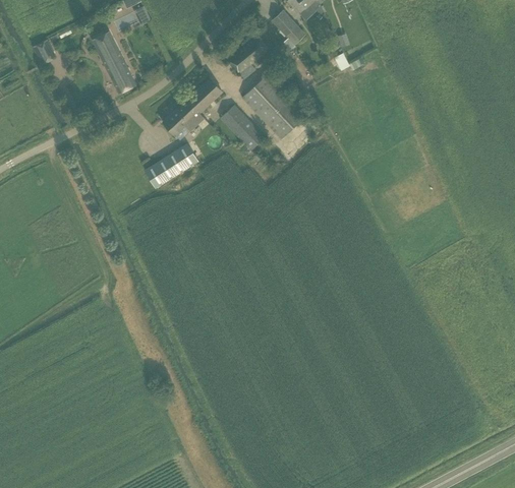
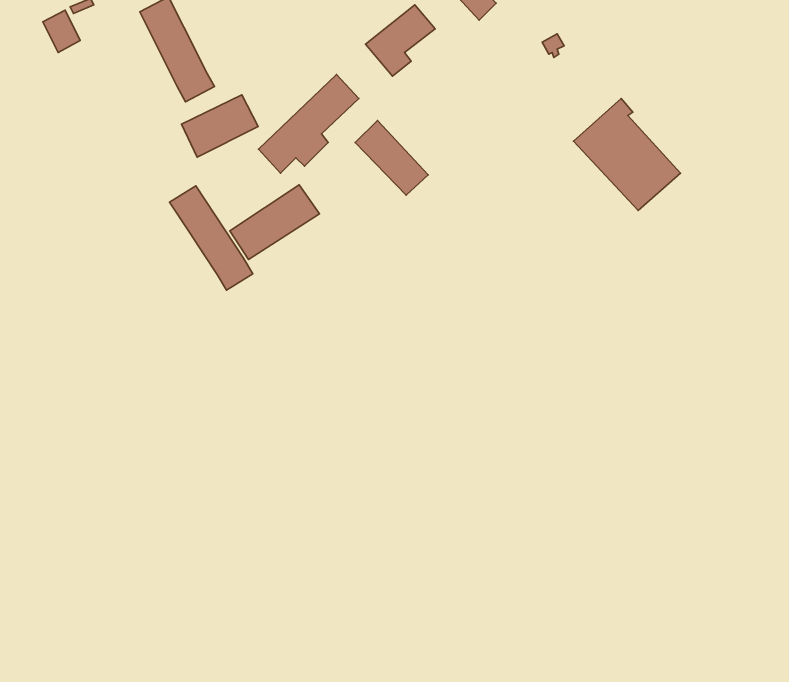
building: [242,71,306,138] -> [574,99,680,211]
building: none -> [181,95,258,157]
building: none -> [170,186,253,290]

